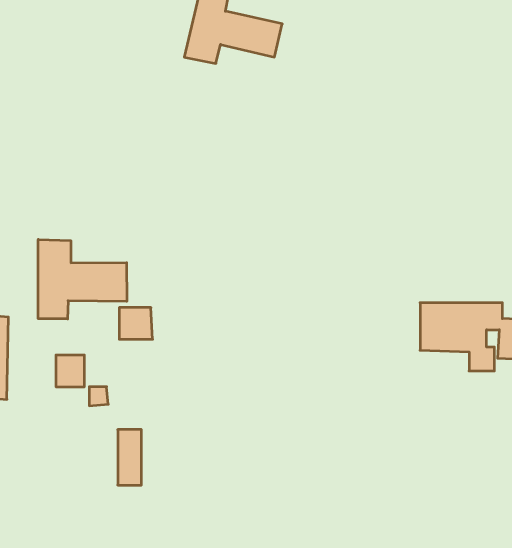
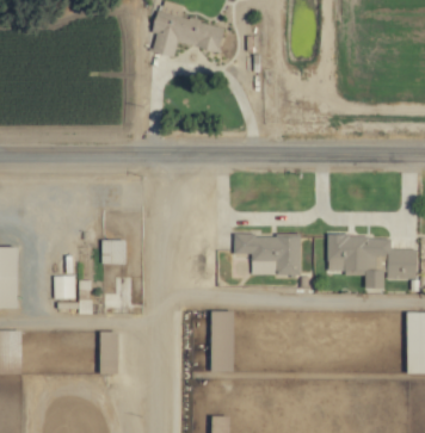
building: [38,239,127,319] -> none
building: none -> [234,234,301,276]
building: none -> [211,310,234,371]

